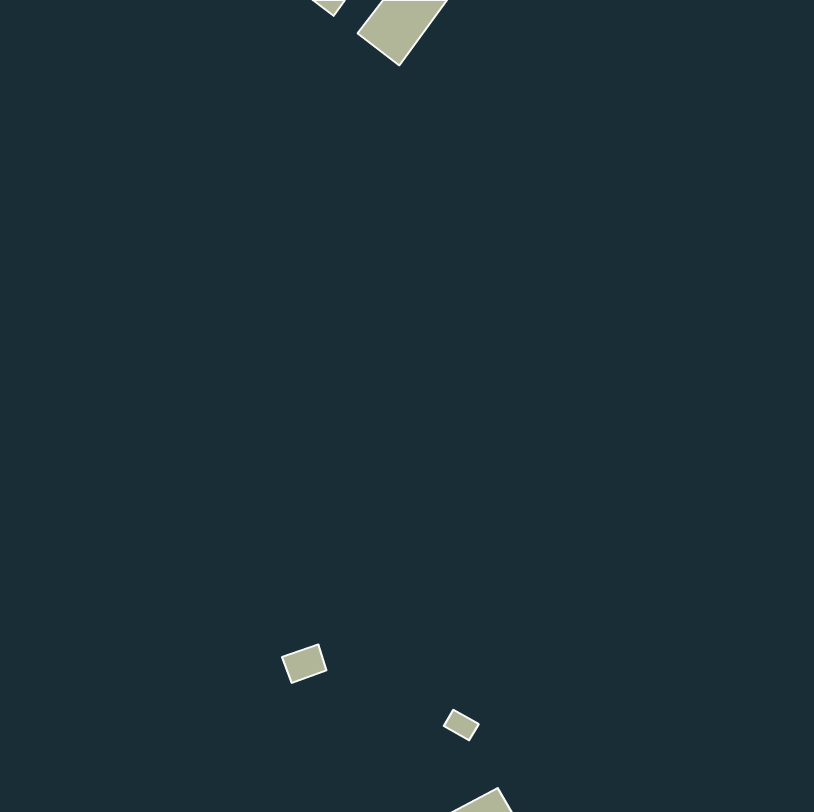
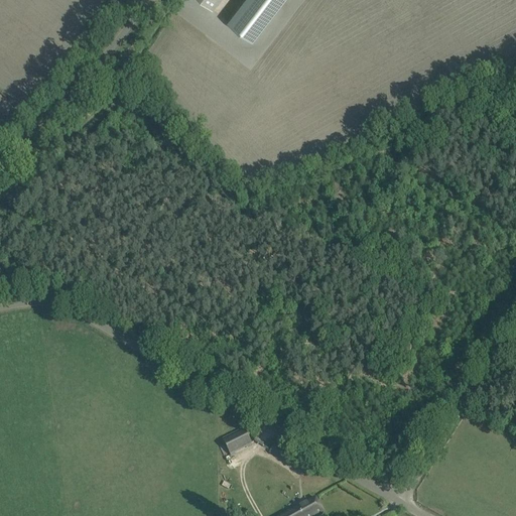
building: [282,645,327,683] -> [223,432,251,457]

